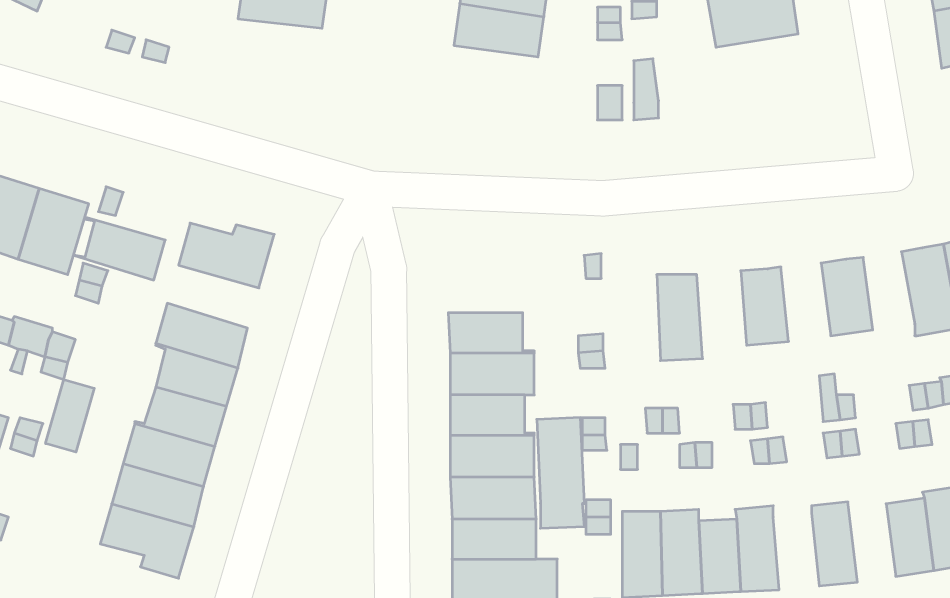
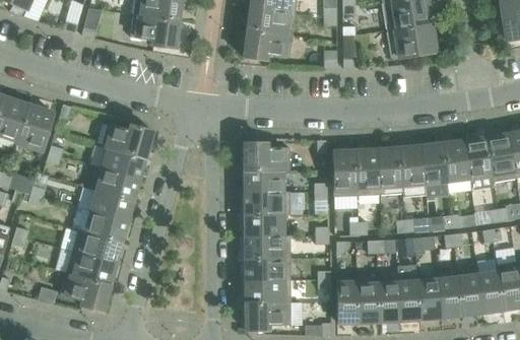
building: none -> [131,14,178,49]
building: none -> [387,22,436,59]
building: none -> [245,28,292,60]
building: [73,217,165,280] -> [95,145,144,179]
building: none -> [465,138,494,189]
building: none -> [245,141,290,171]
building: none -> [421,144,448,186]
building: none -> [377,148,403,195]
building: [46,380,94,452] -> none
building: [537,418,584,528] -> [332,150,358,209]
building: none -> [457,268,482,314]
building: none -> [417,277,442,318]

